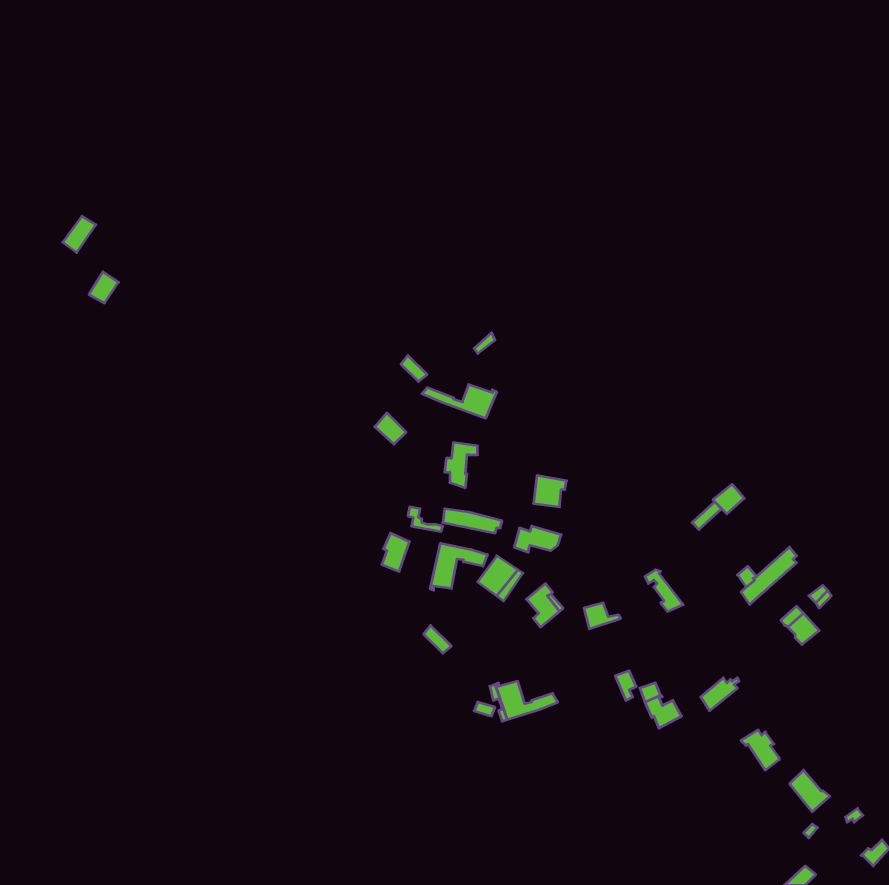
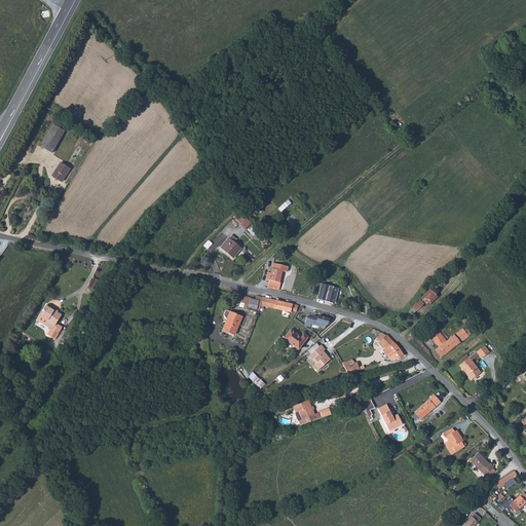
building: [422,384,497,418] -> none
building: none -> [40,306,63,341]
building: [430,543,487,590] -> none

